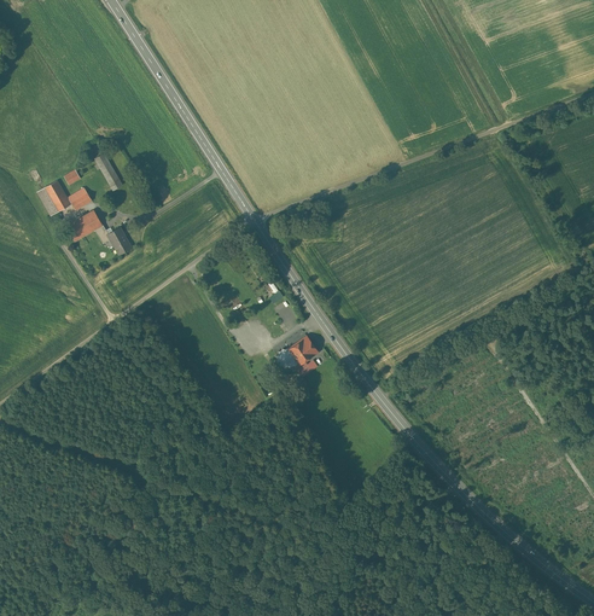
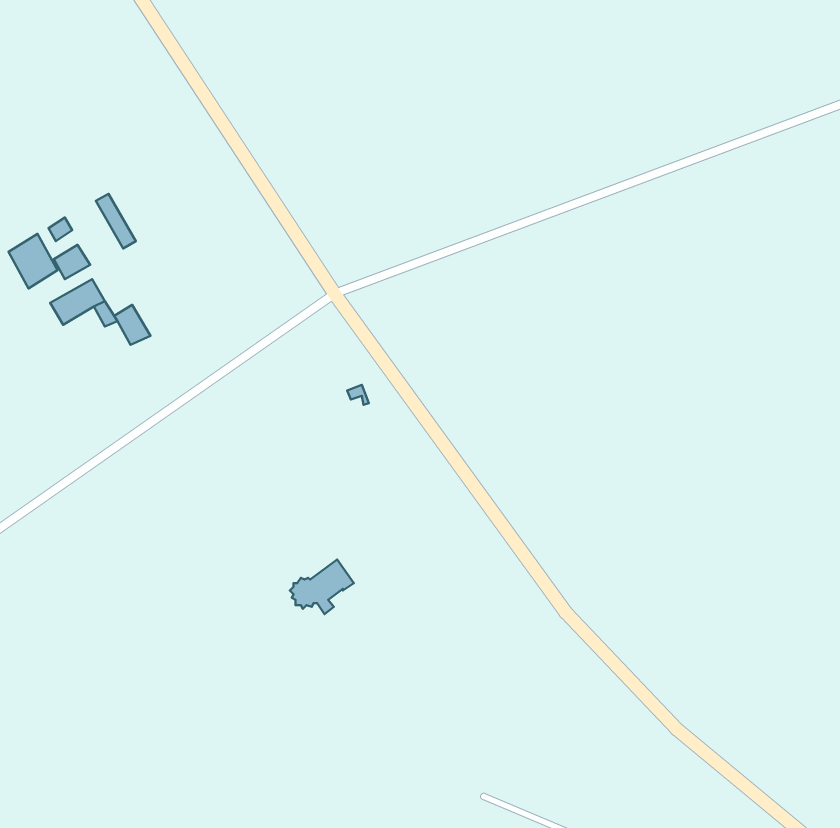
building: [276,336,319,372] -> [290,560,354,614]

